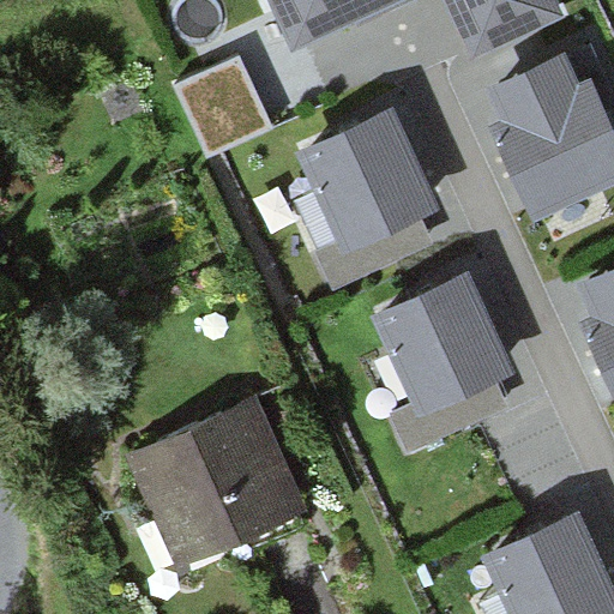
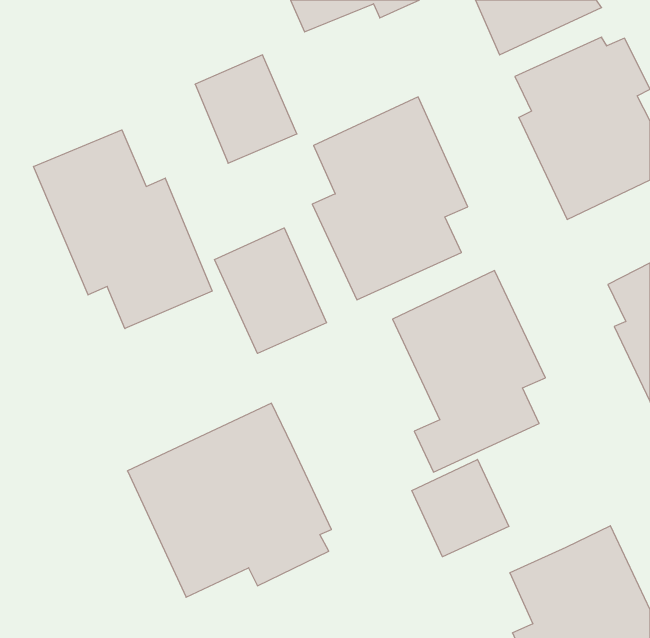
building: none -> [34,130,212,329]
building: none -> [214,228,327,353]
building: none -> [412,459,509,557]

